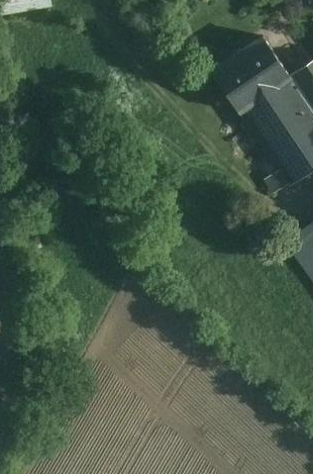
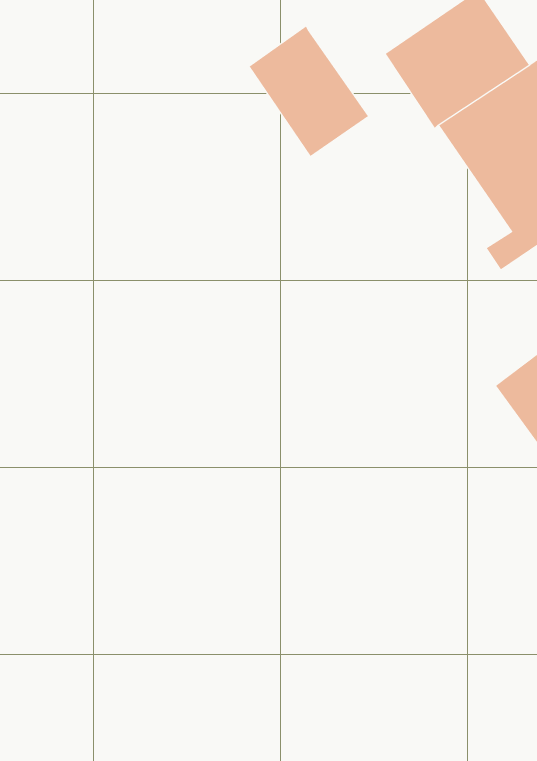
building: none -> [249,25,369,157]

